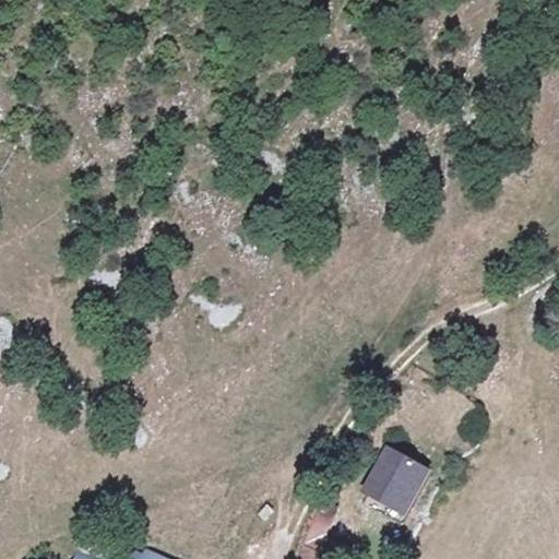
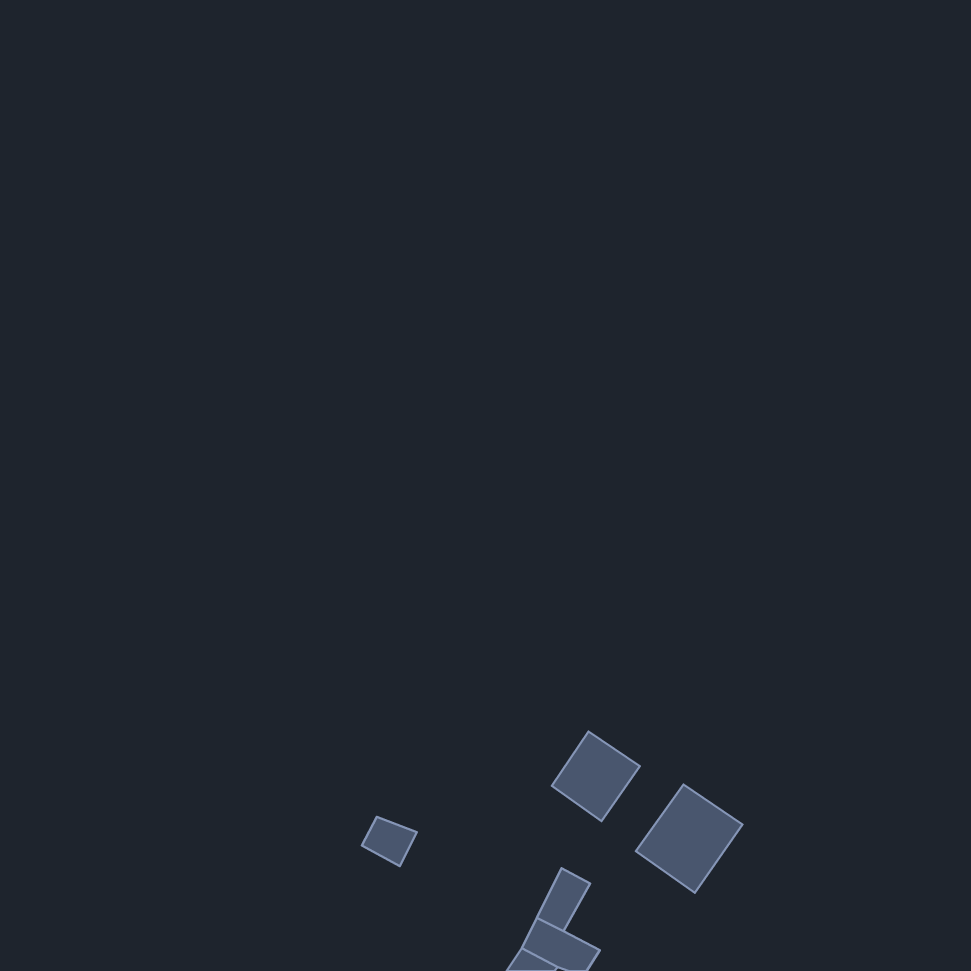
building: none -> [552,731,640,821]

